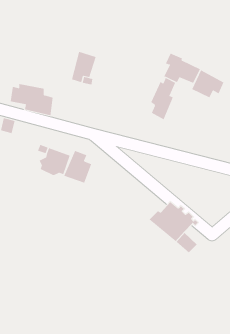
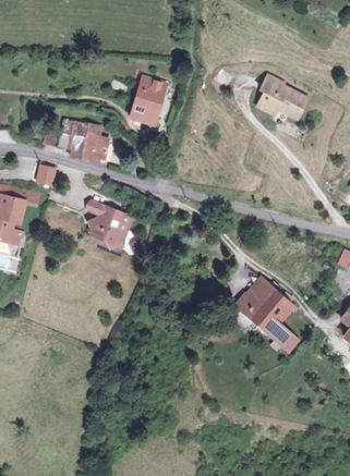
building: [191,69,224,98] -> none
building: [150,77,176,120] -> none
building: [63,150,92,184] -> none

